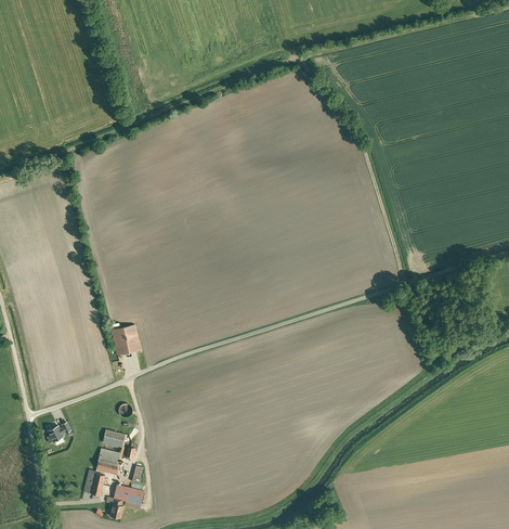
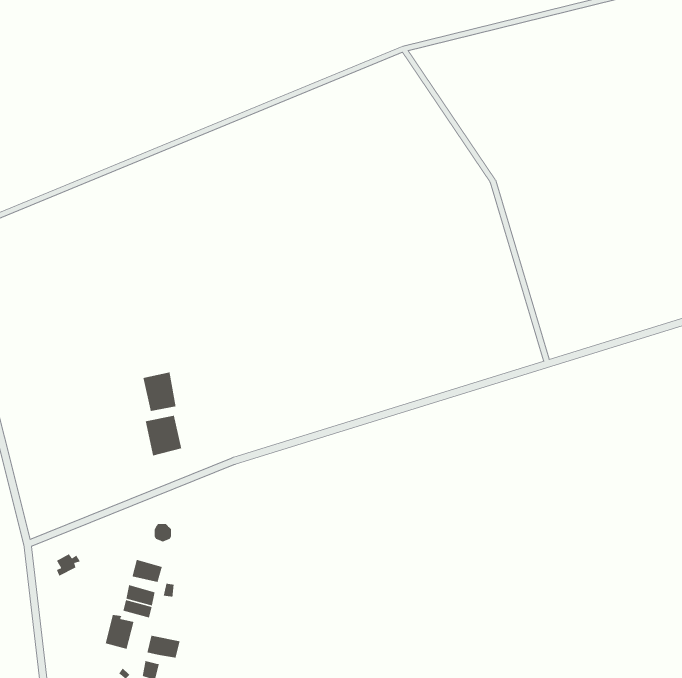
building: none -> [143,372,176,412]

